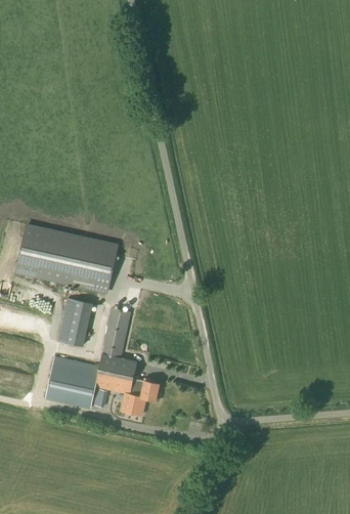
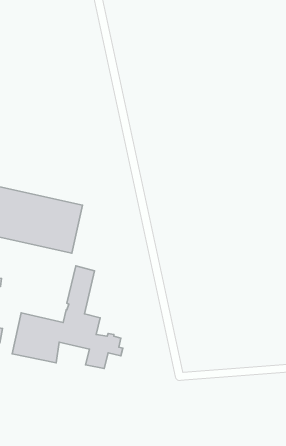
building: [58,293,92,346] -> none

